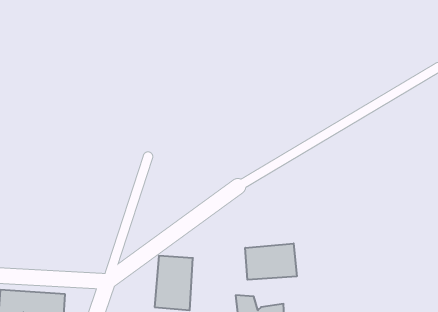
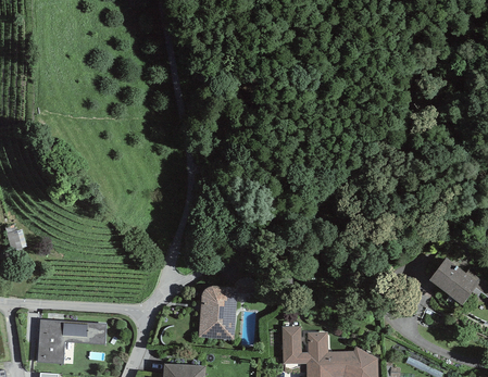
building: none -> [428,261,477,307]
building: [245,243,297,280] -> none

